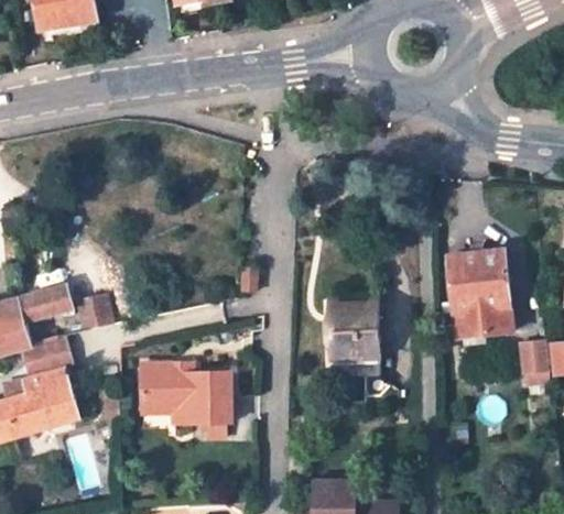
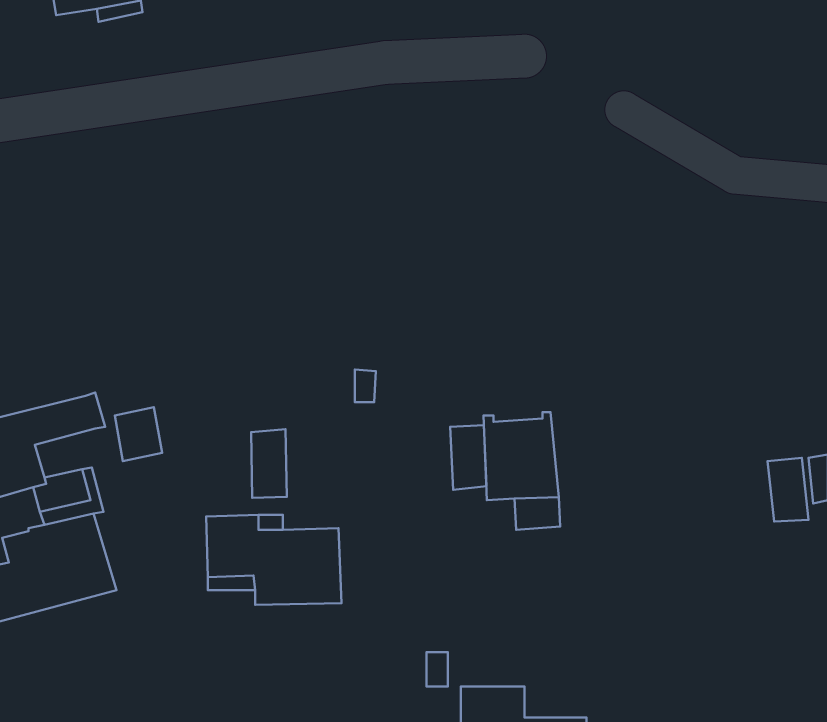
building: [448,252,511,336] -> none
building: none -> [450,425,486,490]
building: none -> [251,429,287,498]

